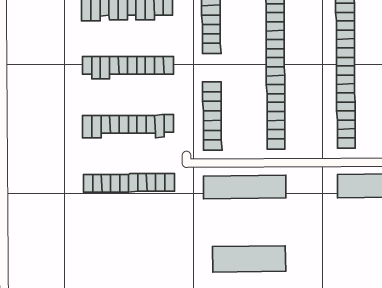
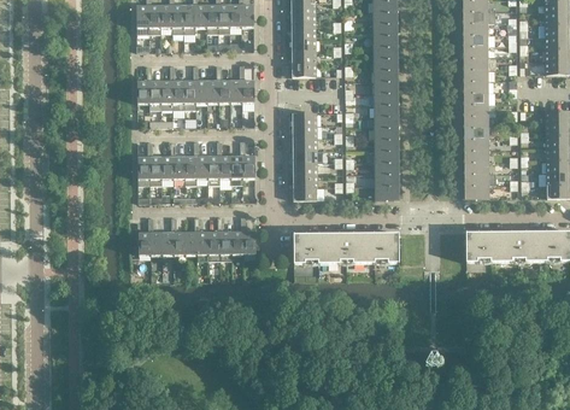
building: [212,246,286,272] -> none

